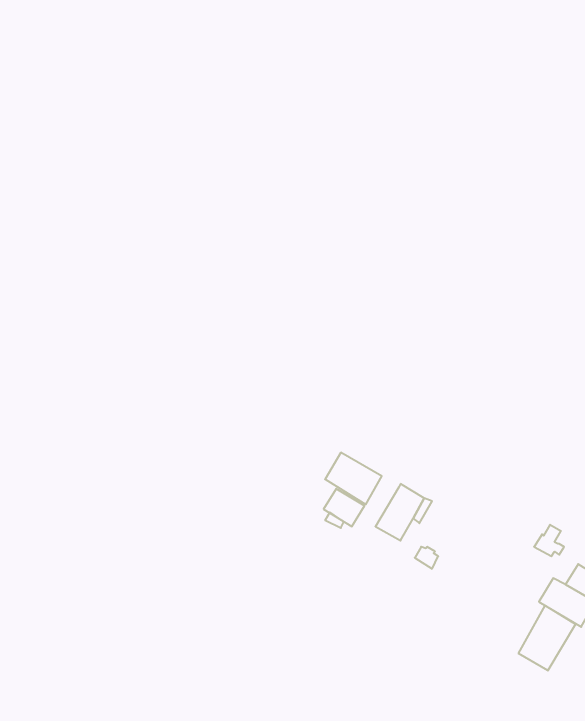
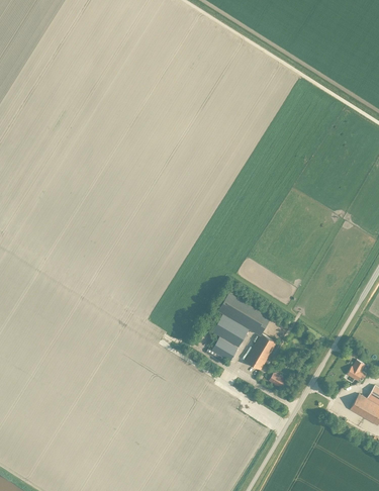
building: none -> [216,293,269,335]
building: [519,606,575,671] -> none

